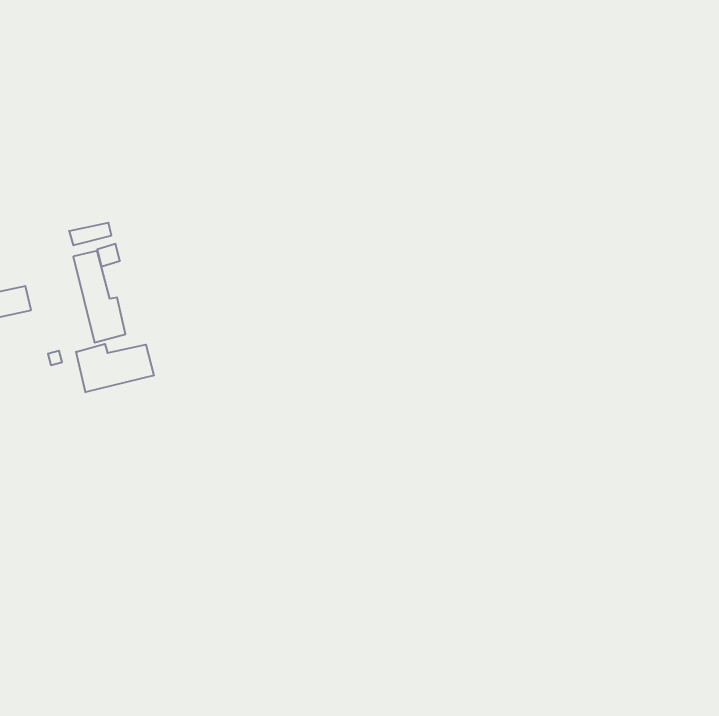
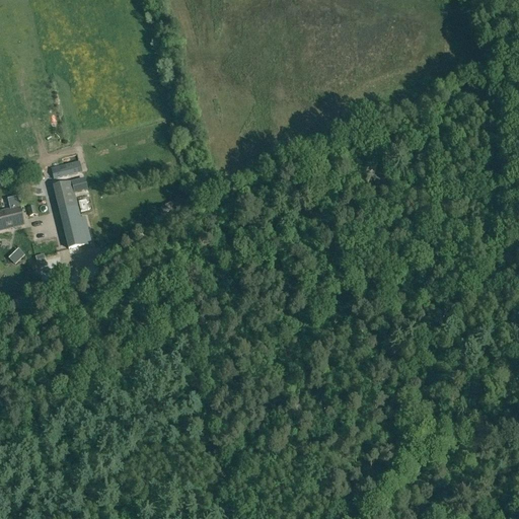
building: [76,344,154,392] -> none

